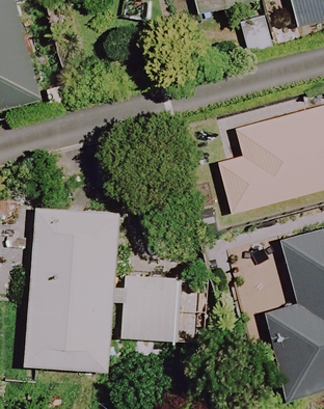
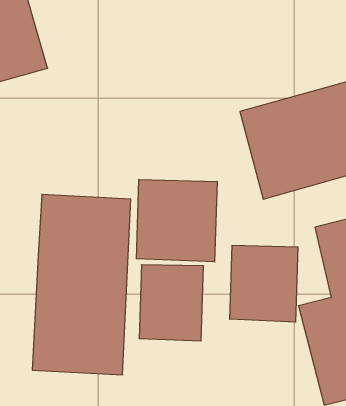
building: none -> [136,179,217,262]
building: none -> [230,245,298,322]

